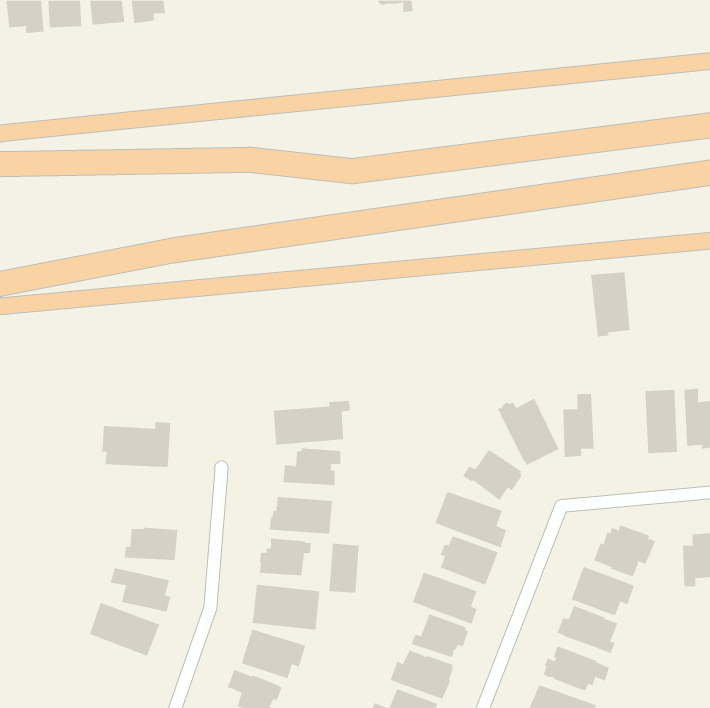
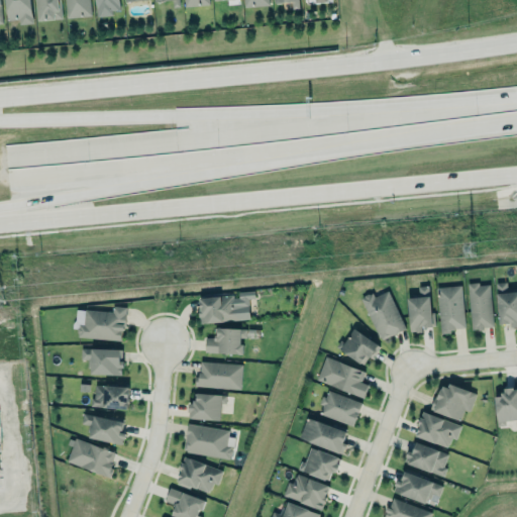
building: [590,272,631,337] -> [437,286,467,333]
building: none -> [82,348,124,376]
building: [329,543,359,594] -> none

